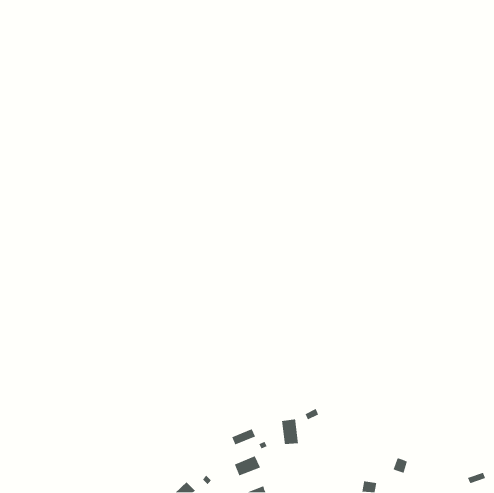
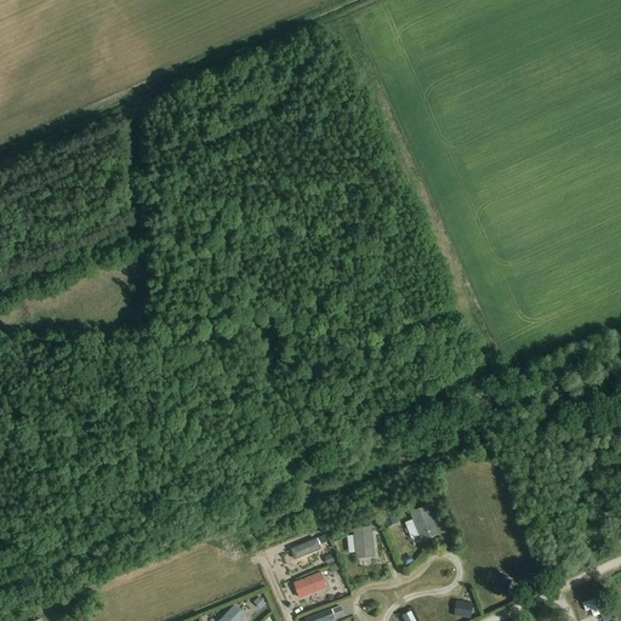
building: none -> [410,505,439,540]

